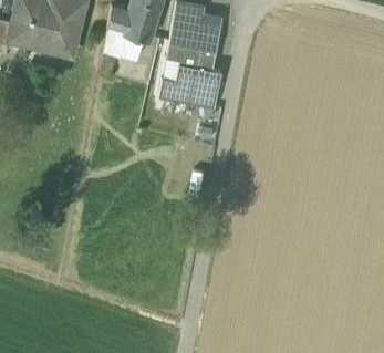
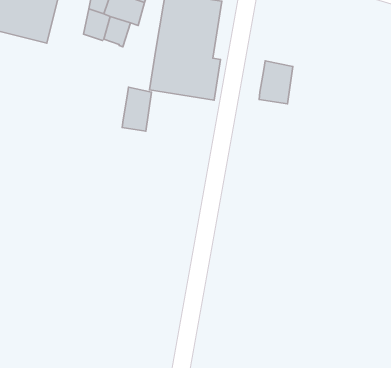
building: none -> [259,61,293,104]
building: none -> [122,87,151,131]

